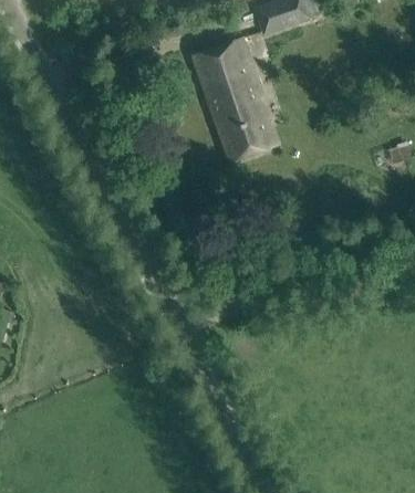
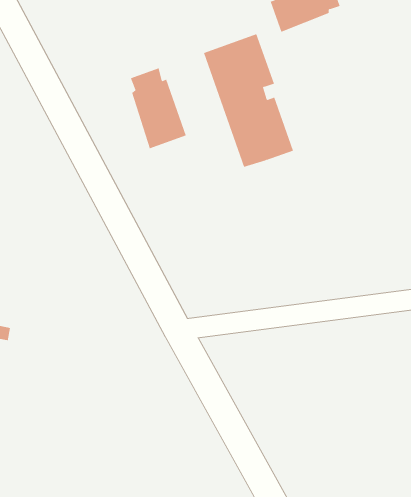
building: none -> [130,68,187,149]

